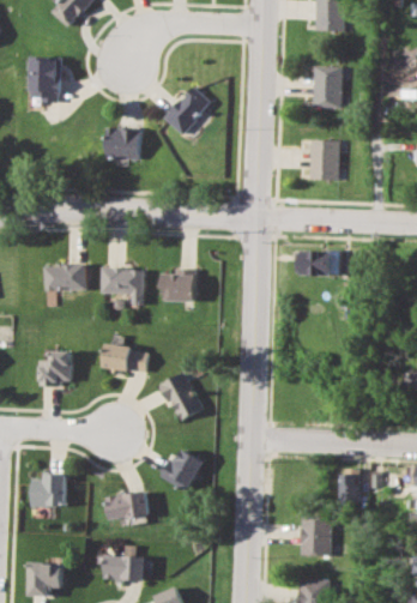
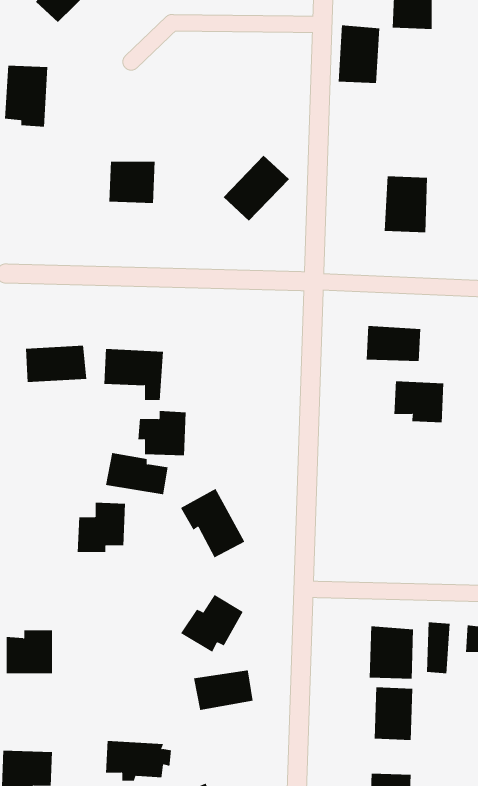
building: [310,65,342,108] -> [338,25,380,83]
building: [164,84,213,133] -> [223,155,290,222]
building: [159,267,195,301] -> [138,410,186,456]
building: none -> [394,381,444,423]
building: [38,349,74,386] -> [77,502,126,552]
building: none -> [369,625,414,680]
building: [104,492,149,521] -> [193,670,253,711]

